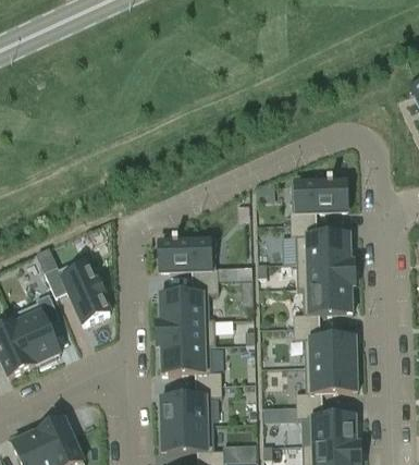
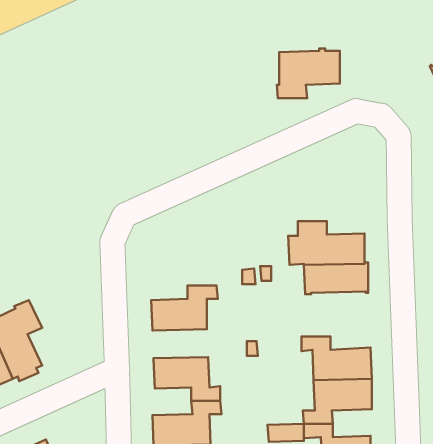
building: [289,178,346,222] -> [277,48,340,98]
building: [160,238,218,280] -> none
building: [45,256,110,323] -> none
building: [293,285,353,326] -> none
building: [158,318,215,346] -> none

